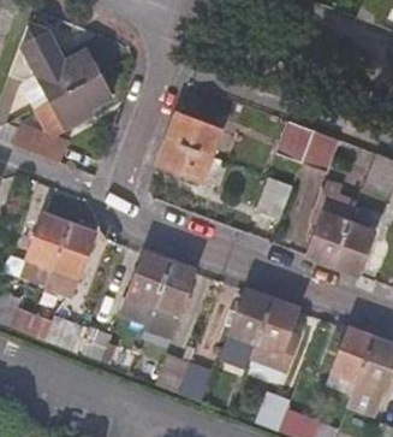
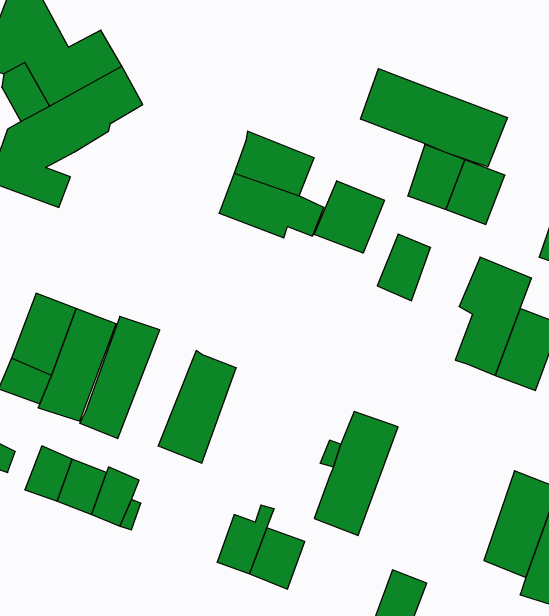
building: none -> [361,69,507,167]
building: none -> [314,181,385,253]
building: [145,261,196,338] -> [80,316,160,439]
building: [252,299,297,365] -> none

